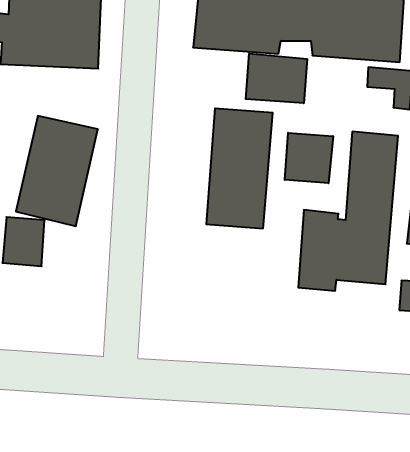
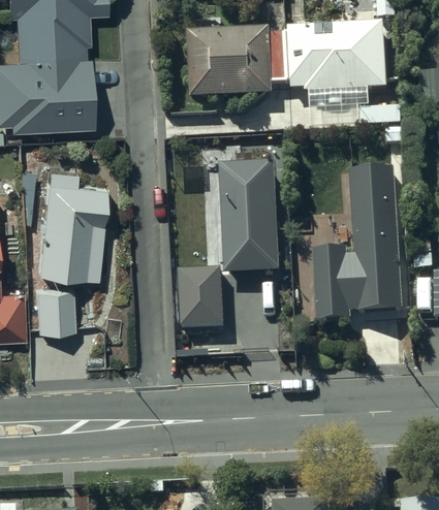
building: [246,53,307,103] -> none
building: [285,133,333,183] -> none
building: none -> [175,260,221,323]

